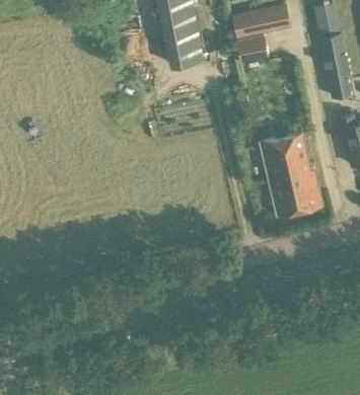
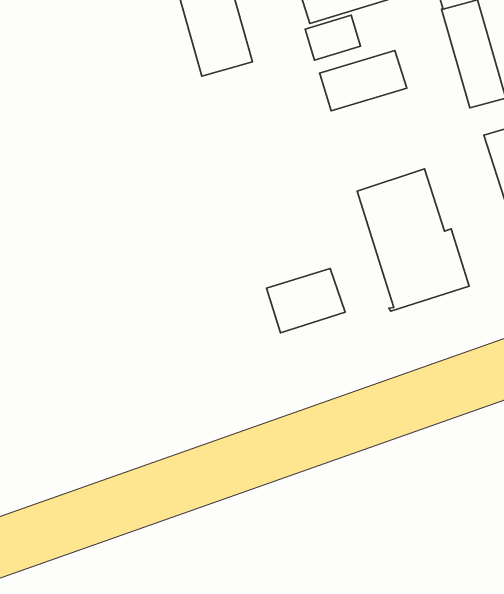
building: none -> [319,50,407,111]
building: none -> [266,268,345,333]

